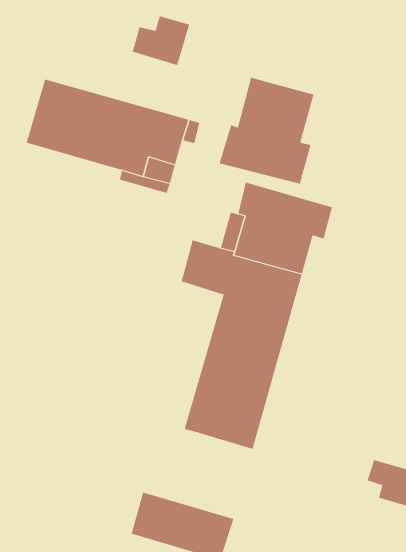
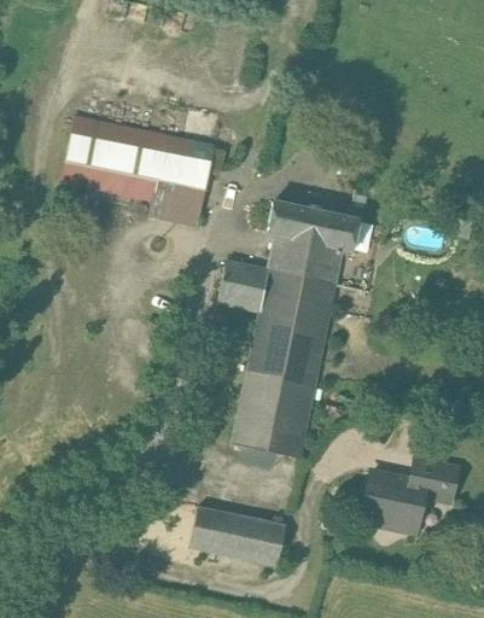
building: [132,15,190,66] -> none
building: [219,77,314,185] -> none
building: none -> [362,471,426,531]

